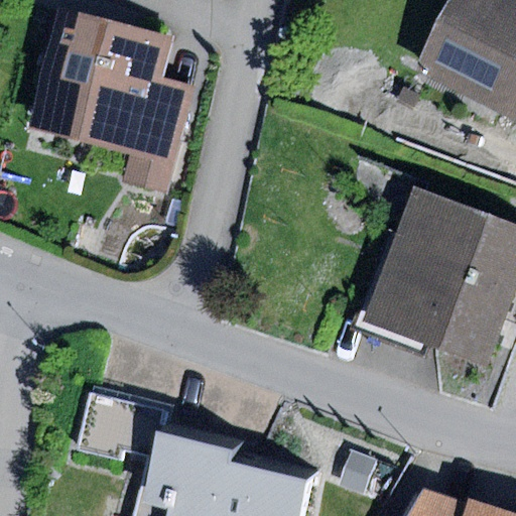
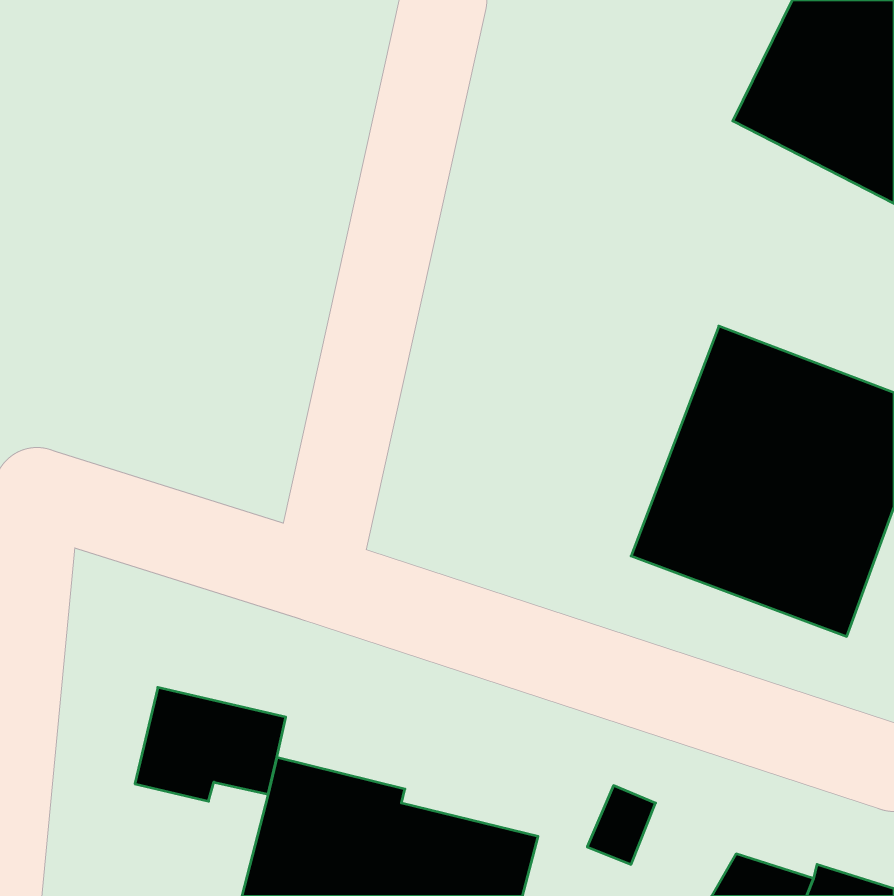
building: [29,8,195,195] -> none

